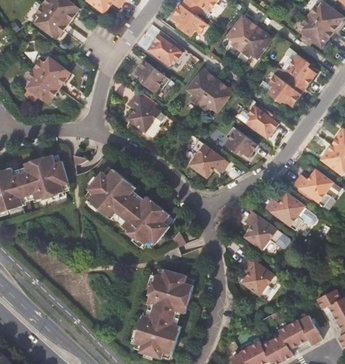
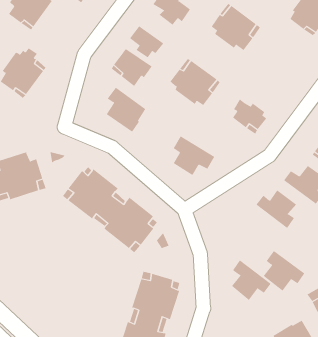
building: [256,47,315,105] -> none
building: [223,126,256,156] -> none
building: [245,212,285,251] -> [263,250,305,292]

